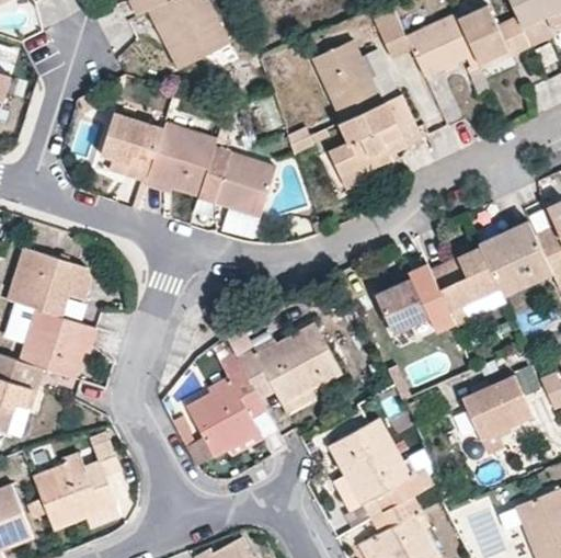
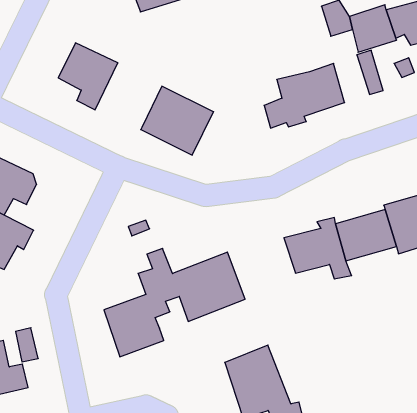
building: [311,44,376,123] -> none
building: [145,125,216,196] -> none
building: [462,374,534,439] -> none

